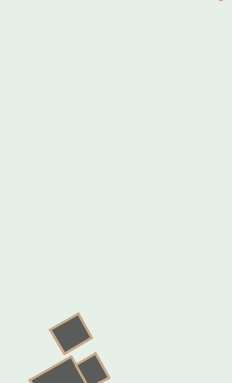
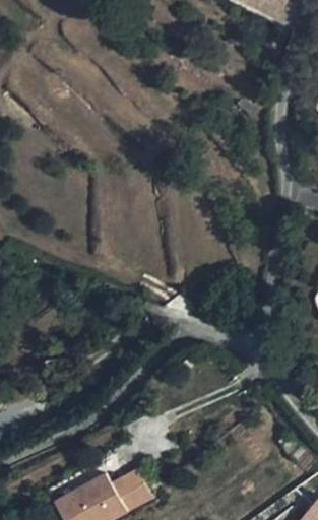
building: [50,314,92,354] -> none

